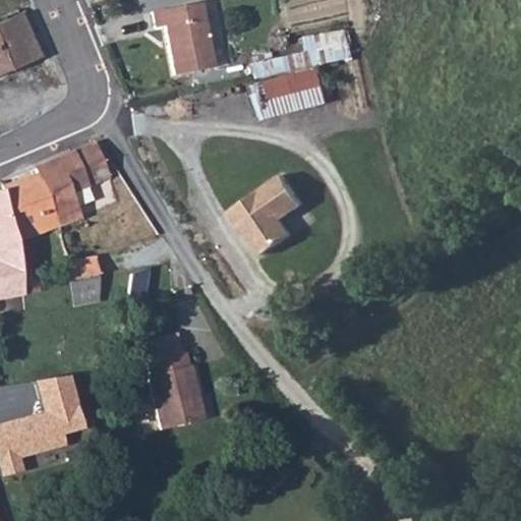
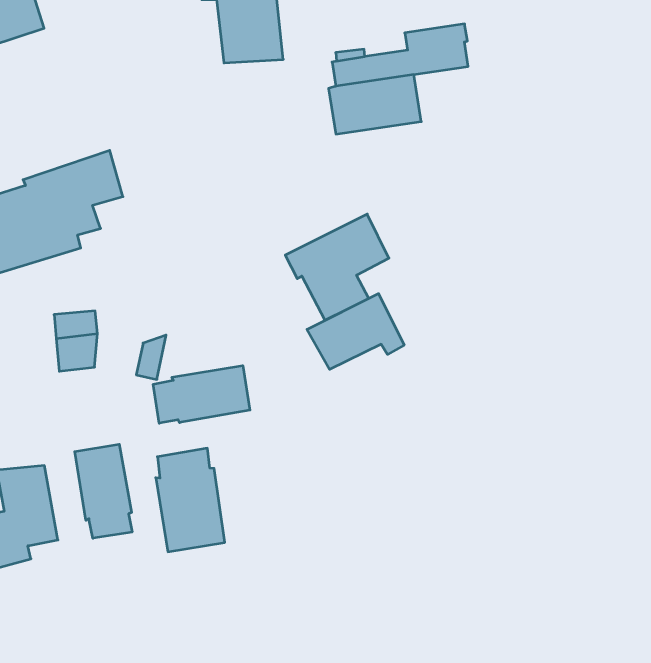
building: none -> [307,294,404,369]
building: none -> [153,366,250,423]
building: none -> [75,444,132,538]

